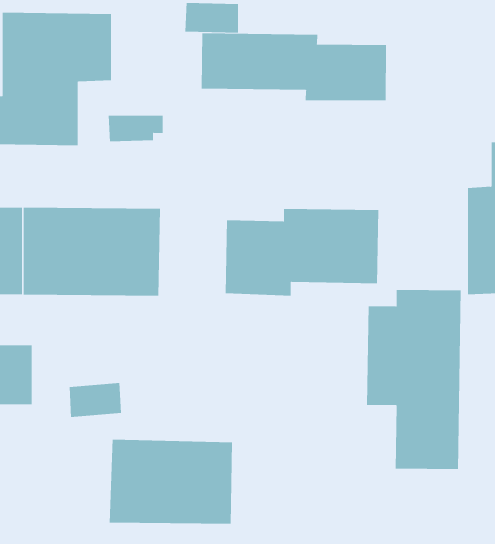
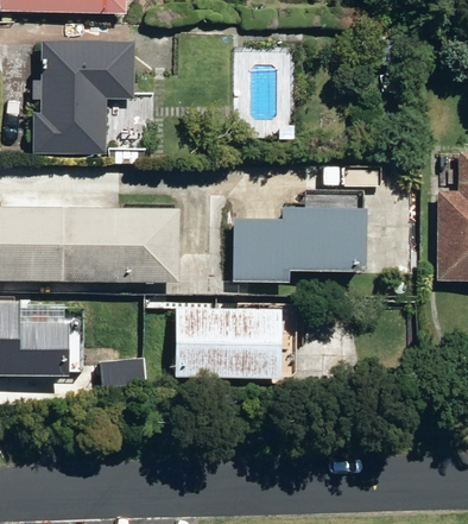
building: [201,33,386,101] -> none
building: [367,289,461,470] -> none
building: [109,439,233,524] -> [175,305,280,378]

